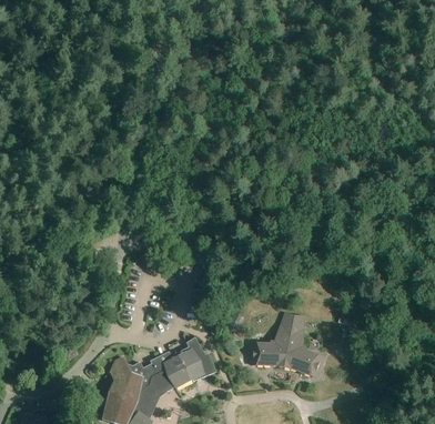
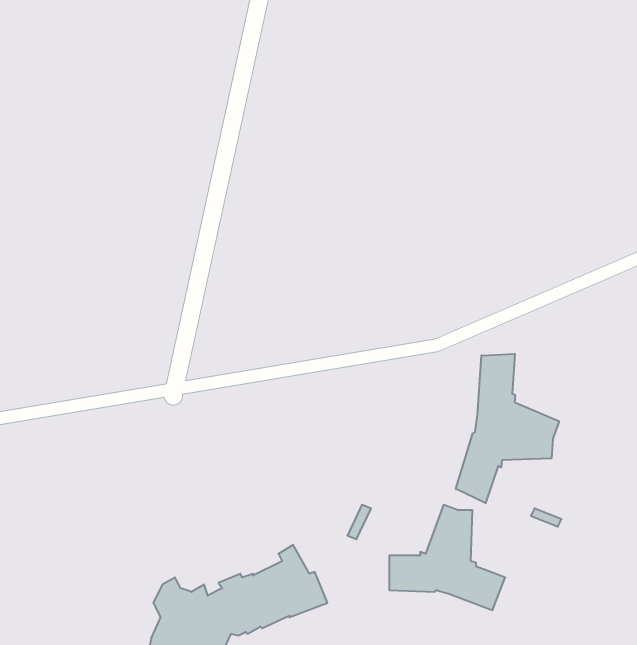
building: none -> [456,354,559,503]

